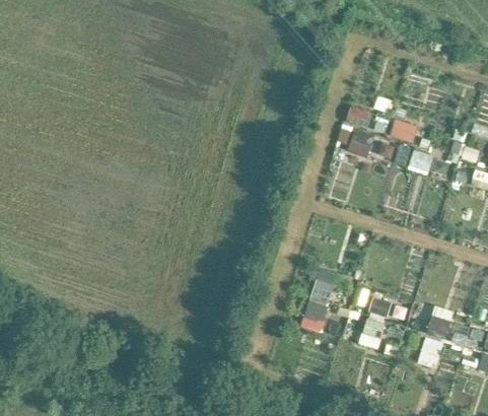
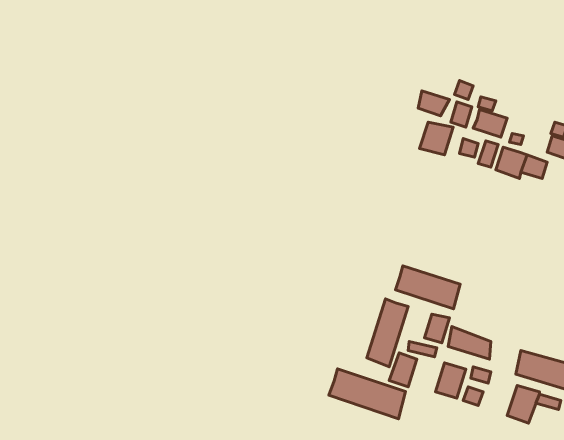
building: none -> [395,266,460,309]
building: none -> [329,369,406,419]

